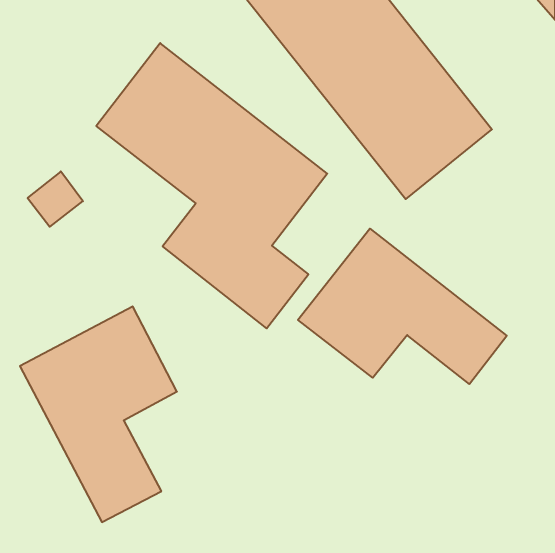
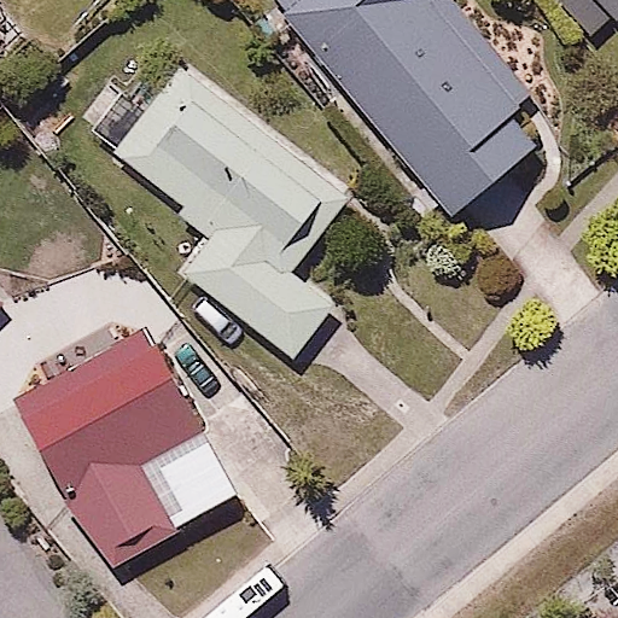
building: [298,229,507,384] -> none

